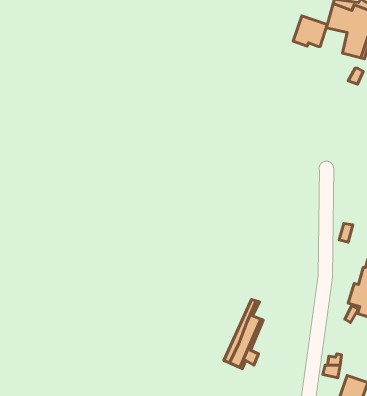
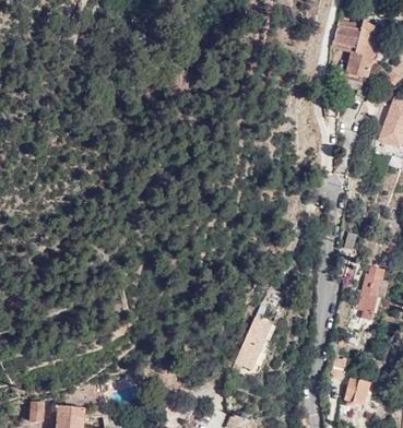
building: [293,16,327,47] -> none

